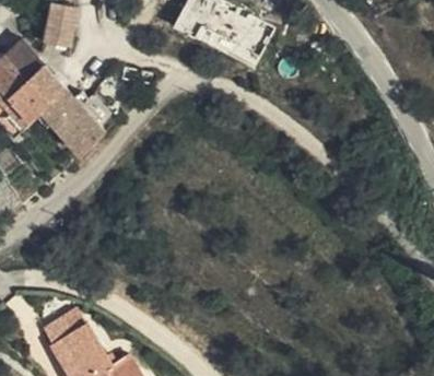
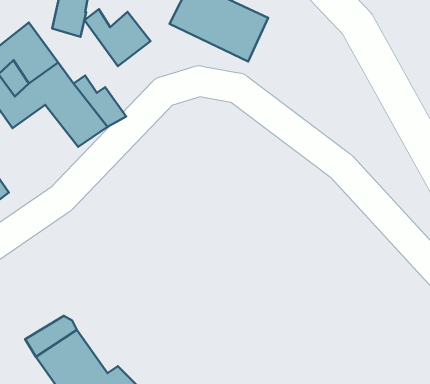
building: none -> [84,9,150,66]

